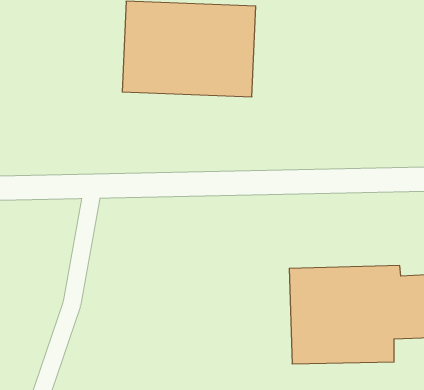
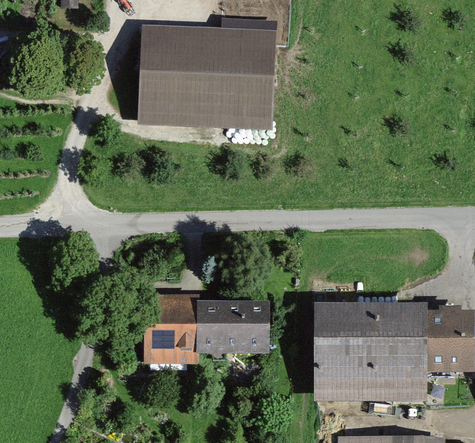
building: none -> [143,292,270,364]

